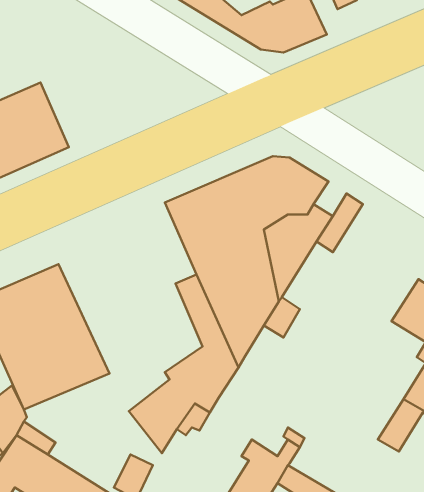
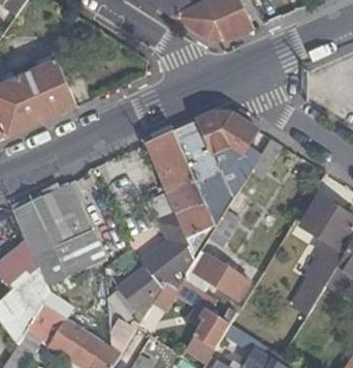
building: none -> [182,249,249,299]

